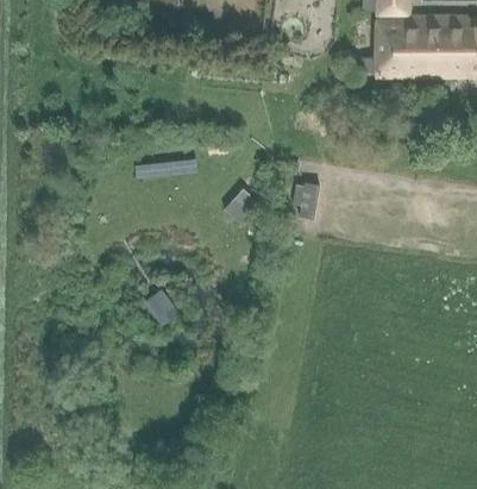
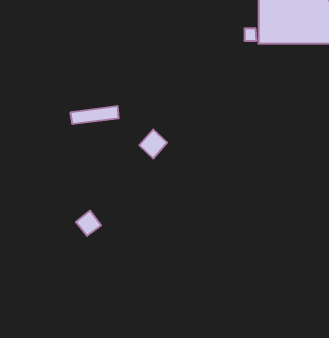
building: [293,178,320,215] -> none

